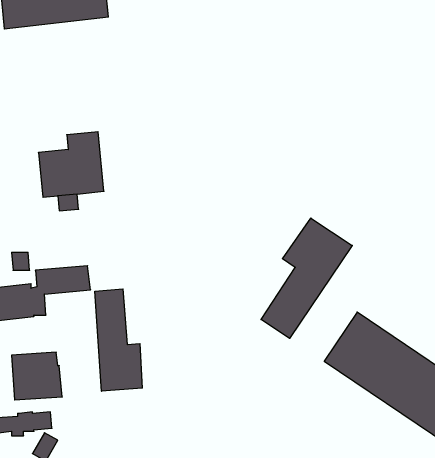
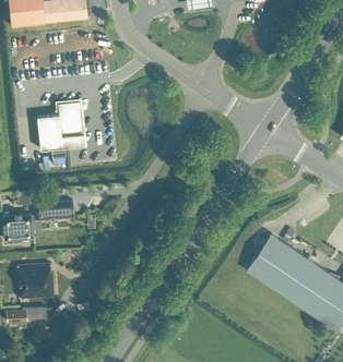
building: [261,218,352,338] -> none
building: [95,289,142,391] -> none

